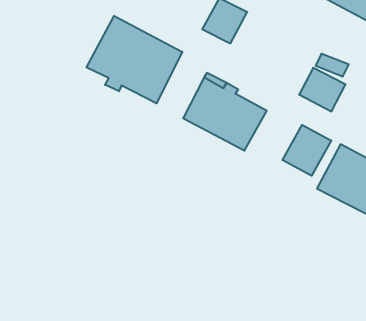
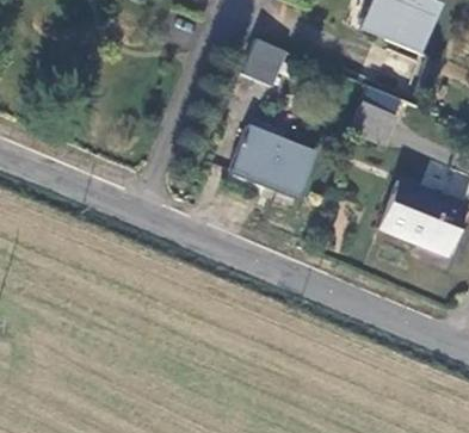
building: [86,16,182,103] -> none
building: [282,125,331,176] -> none

